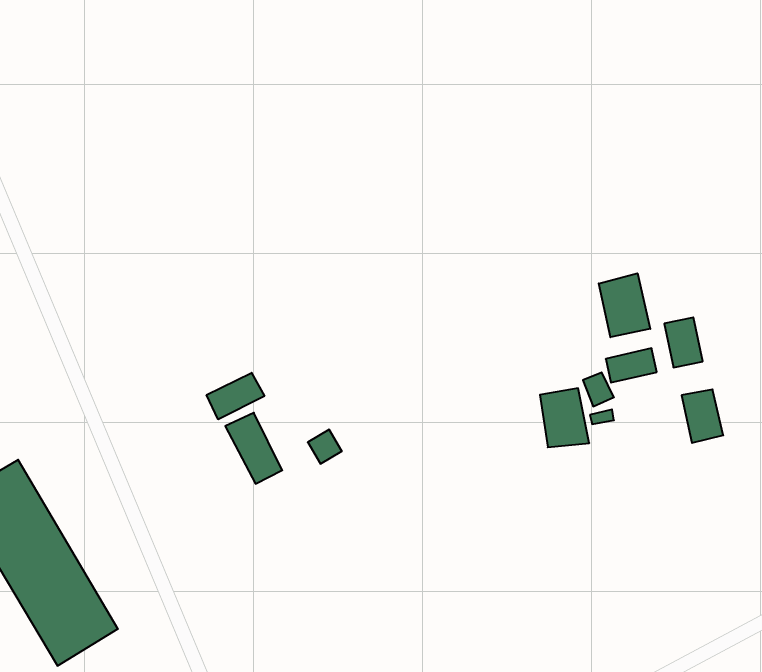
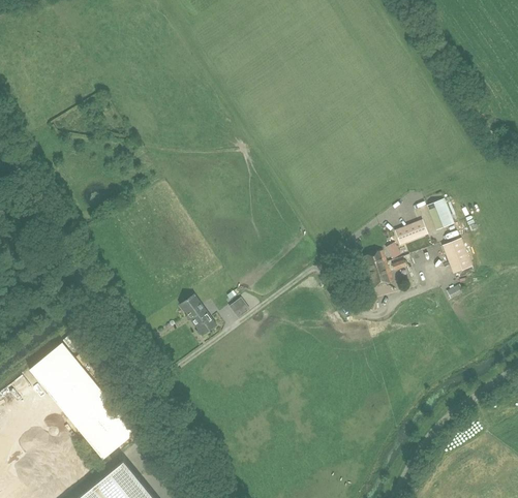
building: [599,273,650,337] -> none
building: [207,373,264,419] -> none

